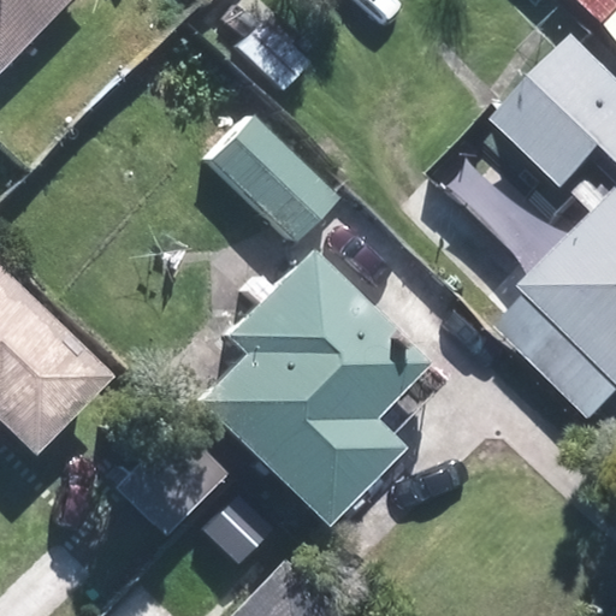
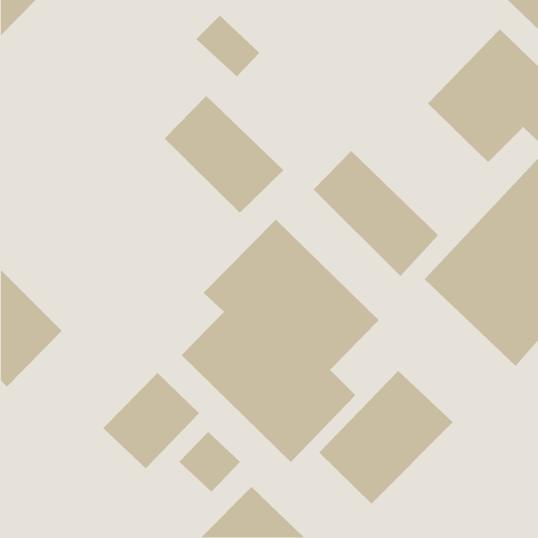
building: none -> [313,150,439,277]
building: none -> [318,370,454,505]

